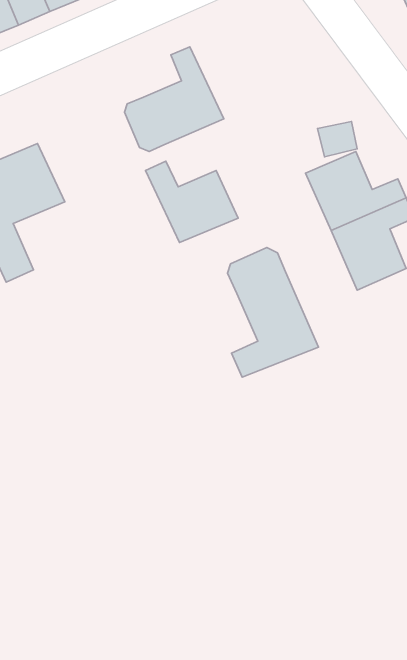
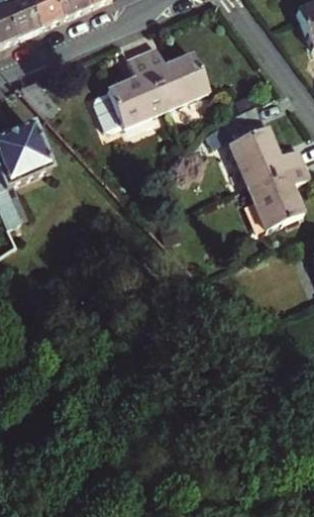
building: [146,161,238,243] -> [142,44,211,105]
building: [227,248,319,377] -> none

